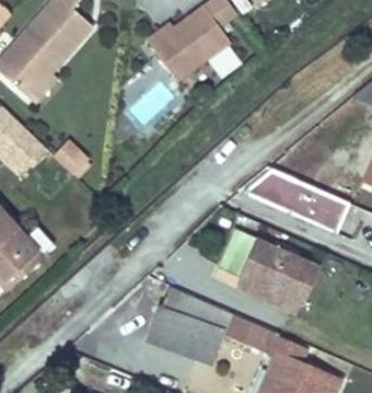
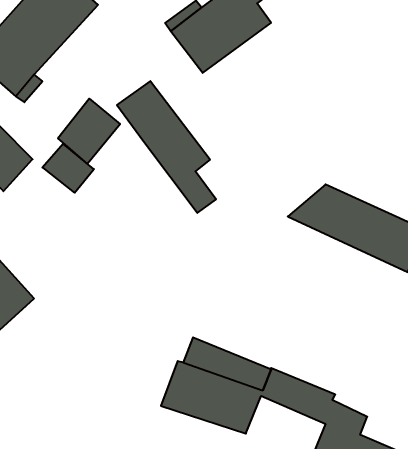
building: none -> [117,81,216,213]
building: none -> [58,99,120,164]
building: [220,231,316,301] -> none

